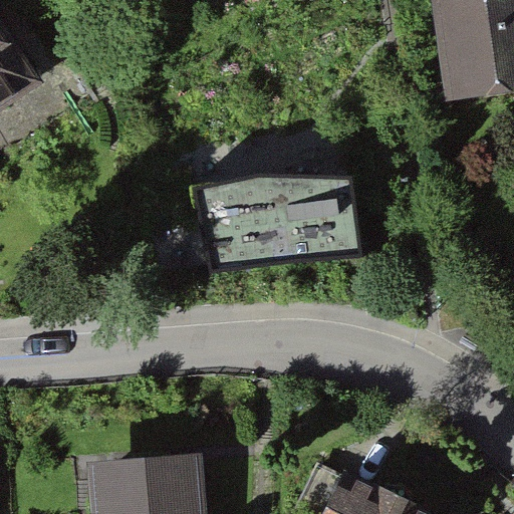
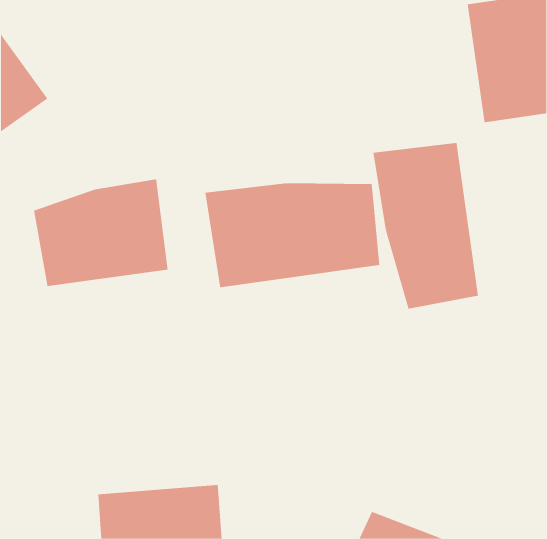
building: none -> [373,142,478,310]
building: none -> [34,178,168,287]

